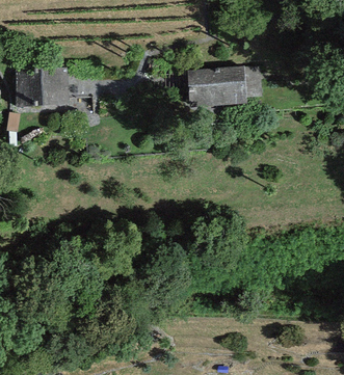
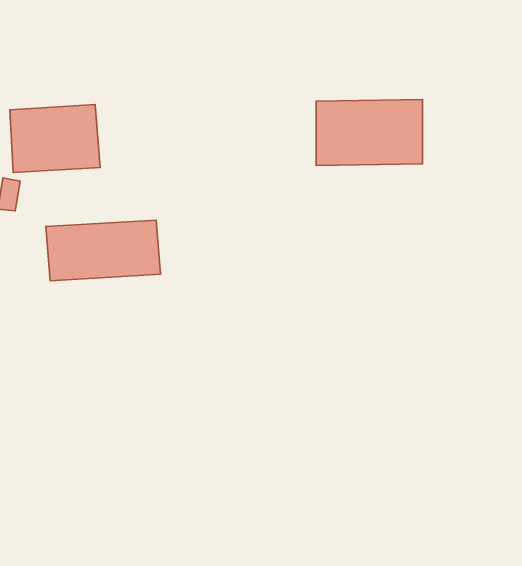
building: none -> [46,220,160,281]

